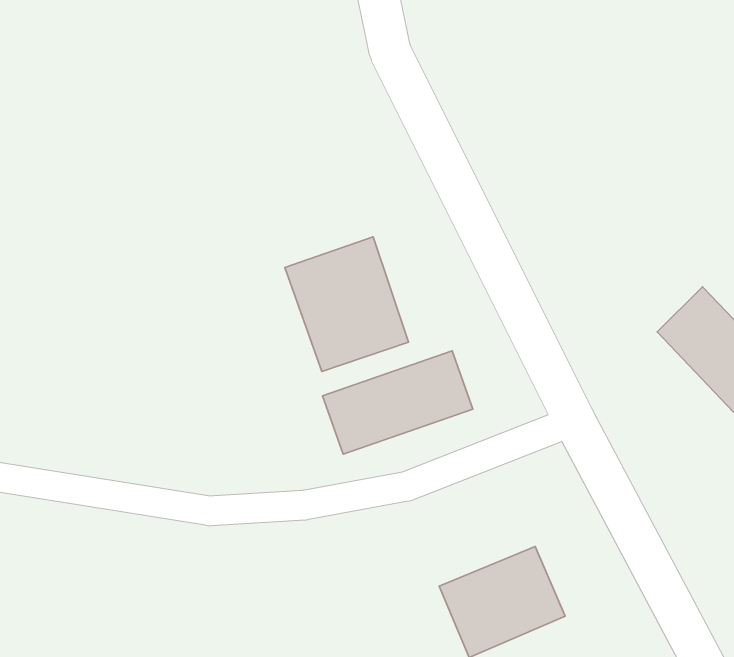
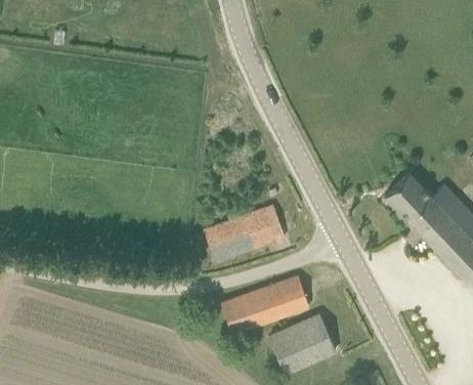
building: [285,237,408,371] -> none
building: none -> [221,277,309,336]

